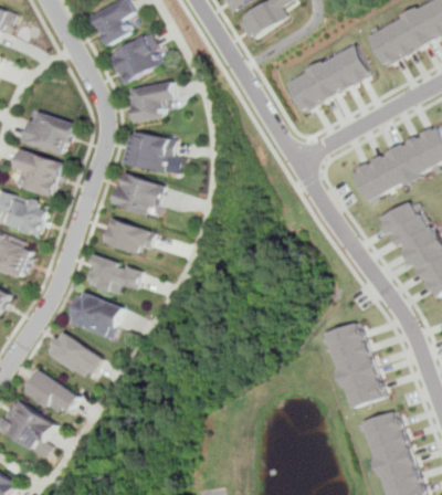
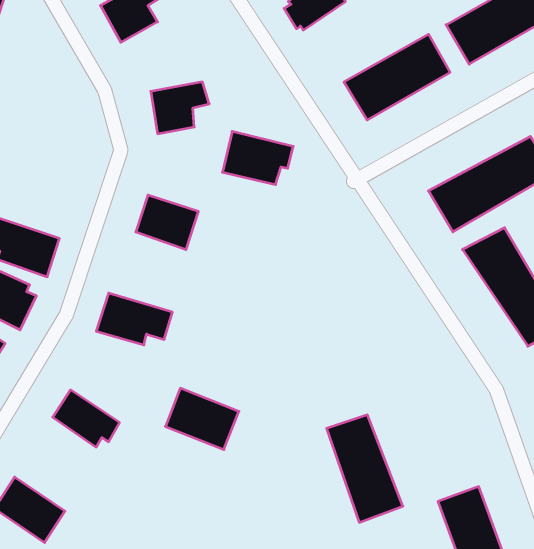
building: [107,35,164,88] -> none
building: [28,114,82,156] -> none
building: [125,130,182,173] -> [222,131,293,185]
building: [17,151,71,199] -> none
building: [104,218,158,254] -> none
building: [72,293,131,343] -> [165,388,239,450]
building: [326,322,388,409] -> [327,415,403,522]
building: [22,370,77,418] -> none

